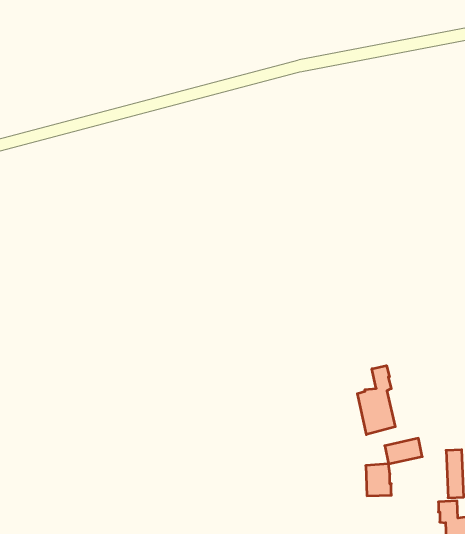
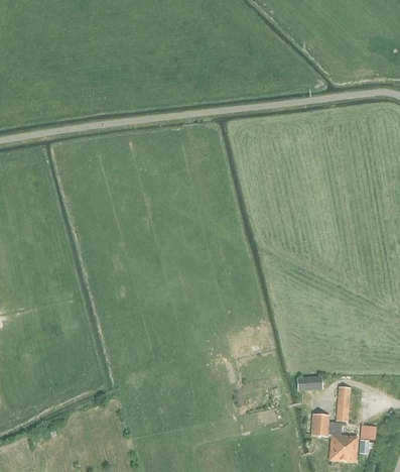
building: [357,366,395,435] -> none
building: [366,464,391,496] -> [310,414,328,437]

